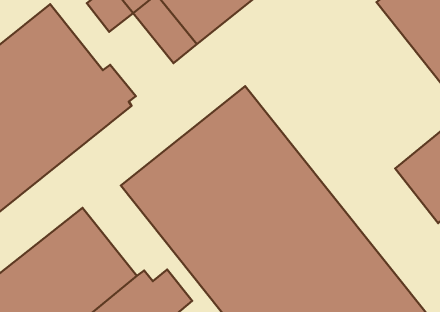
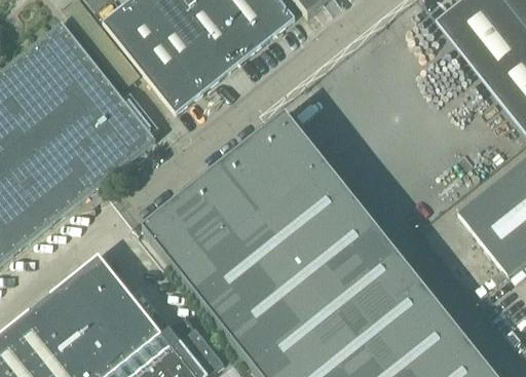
building: none -> [129,32,203,111]

